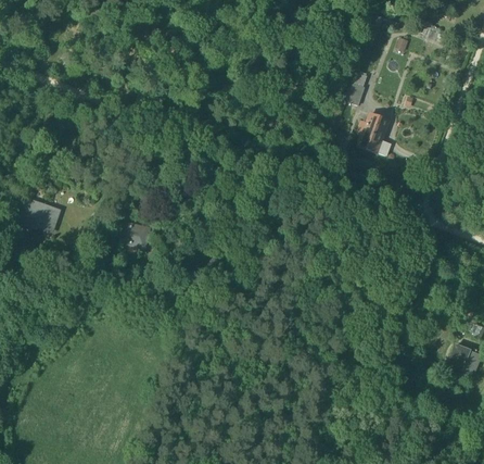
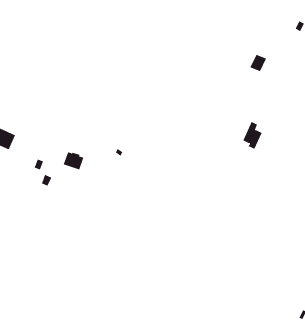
building: [360,114,384,149] -> [243,121,262,149]

